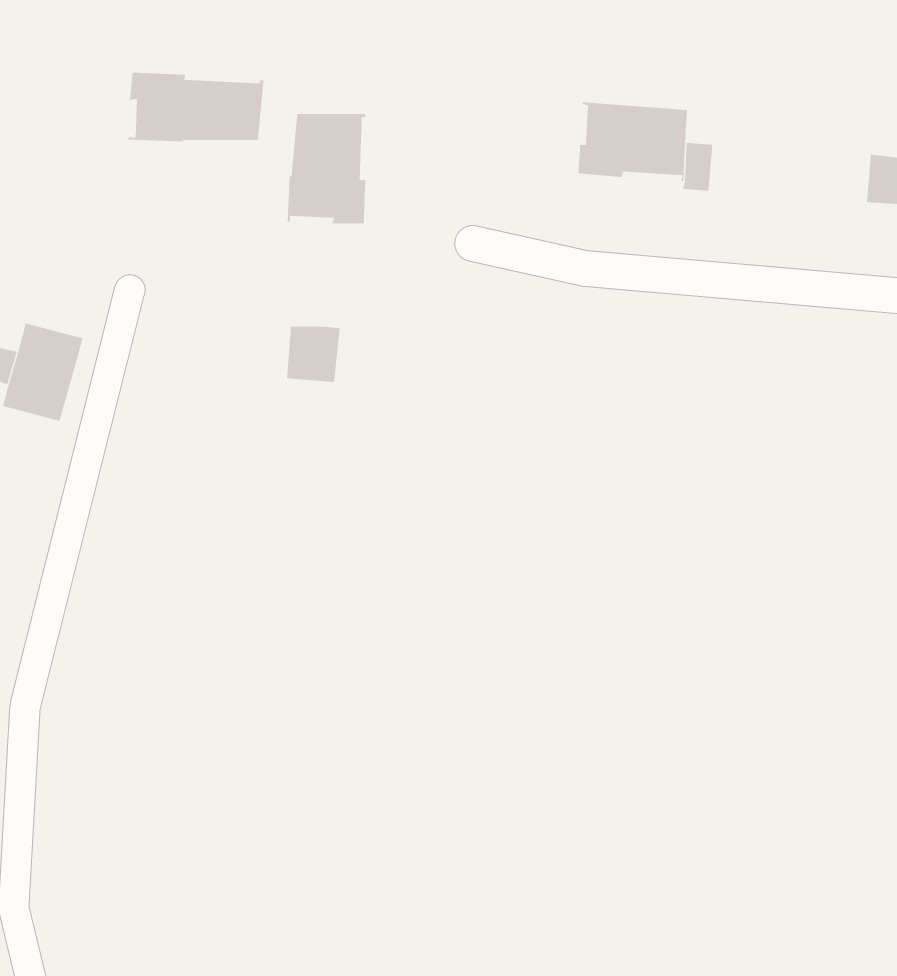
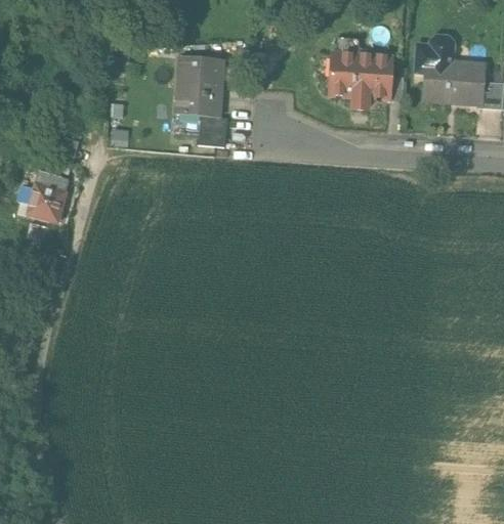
building: none -> [415,36,482,102]
building: [128,72,264,142] -> none
building: [286,326,341,382] -> [199,119,227,148]

